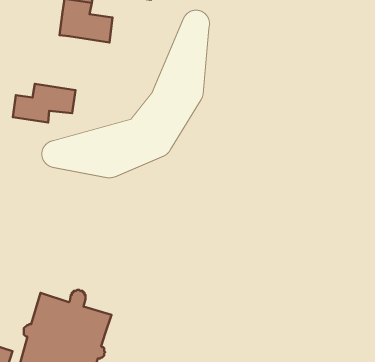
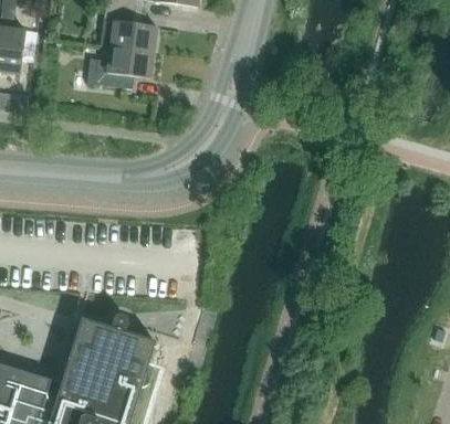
building: [13,84,75,122] -> [88,46,155,87]

